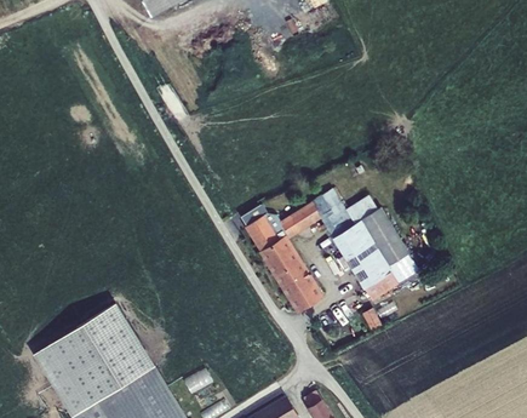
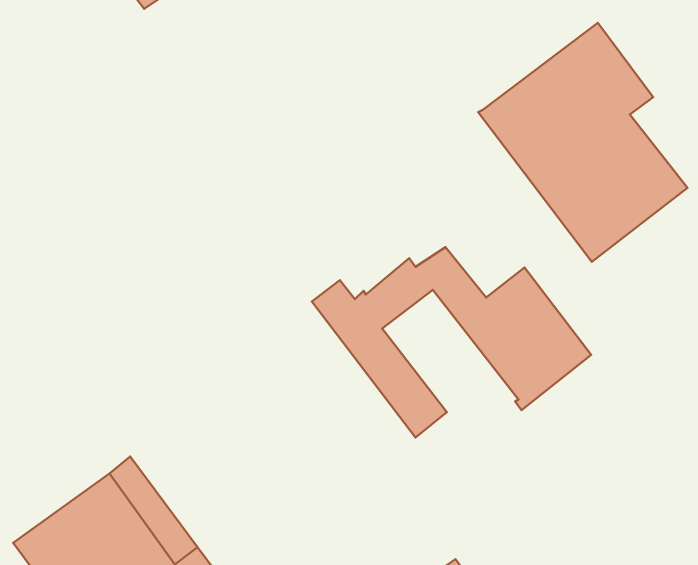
building: none -> [478,23,688,262]

